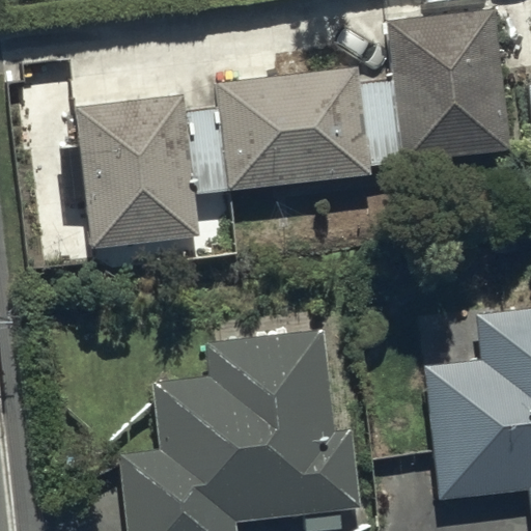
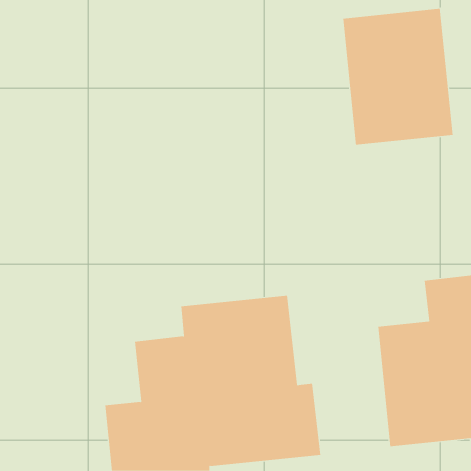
building: [216,65,370,192] -> none
building: [76,94,200,250] -> none

